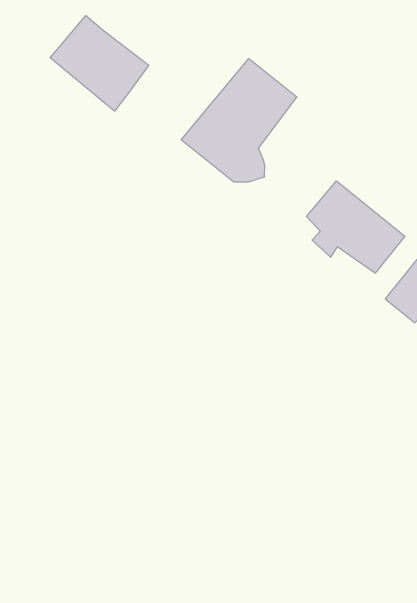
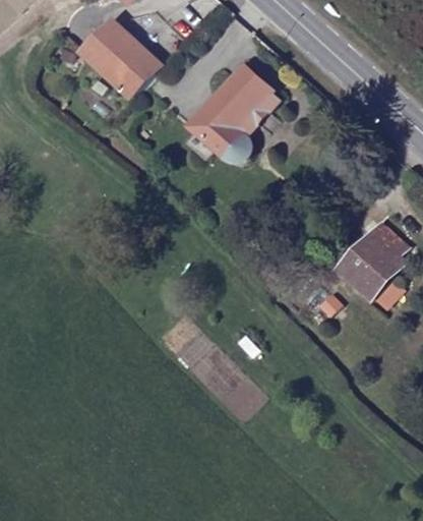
building: [306,181,405,273] -> none

